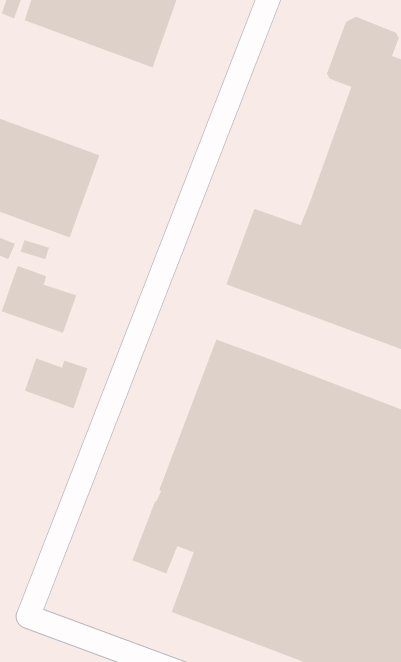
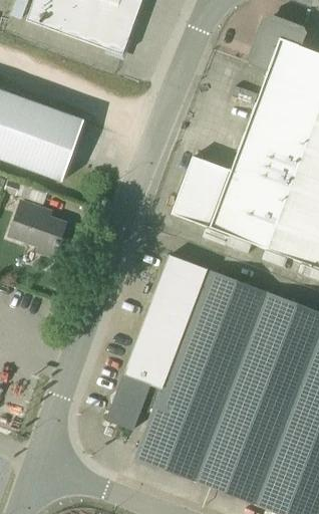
building: [24,357,88,409] -> none

